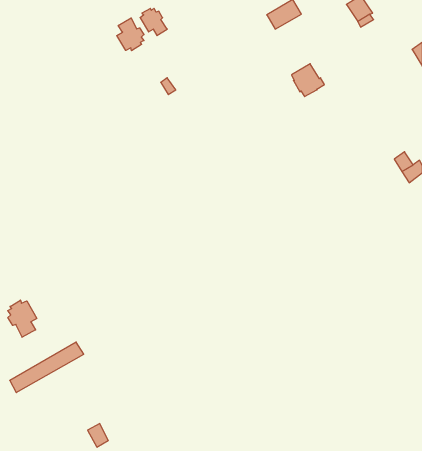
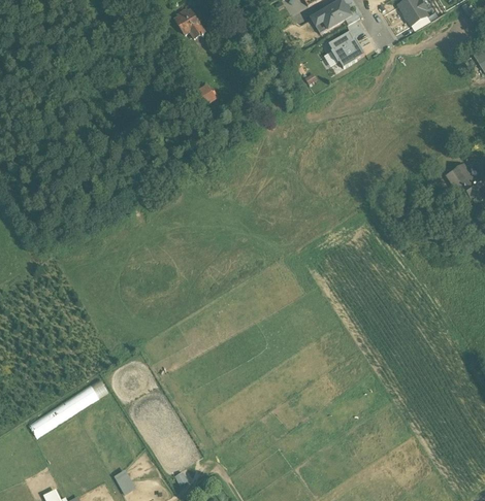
building: [117,18,144,51] -> none
building: [292,64,324,97] -> [328,32,364,68]
building: [8,300,37,337] -> none

